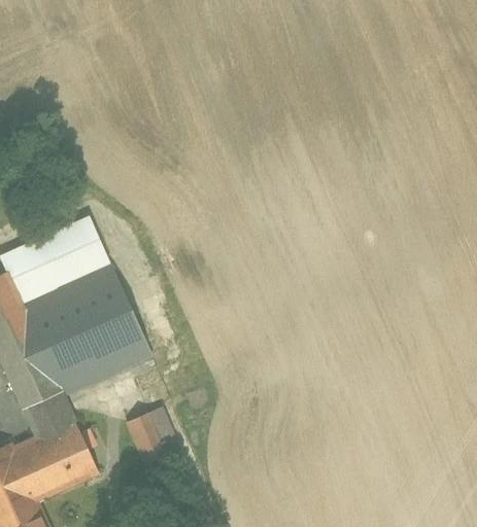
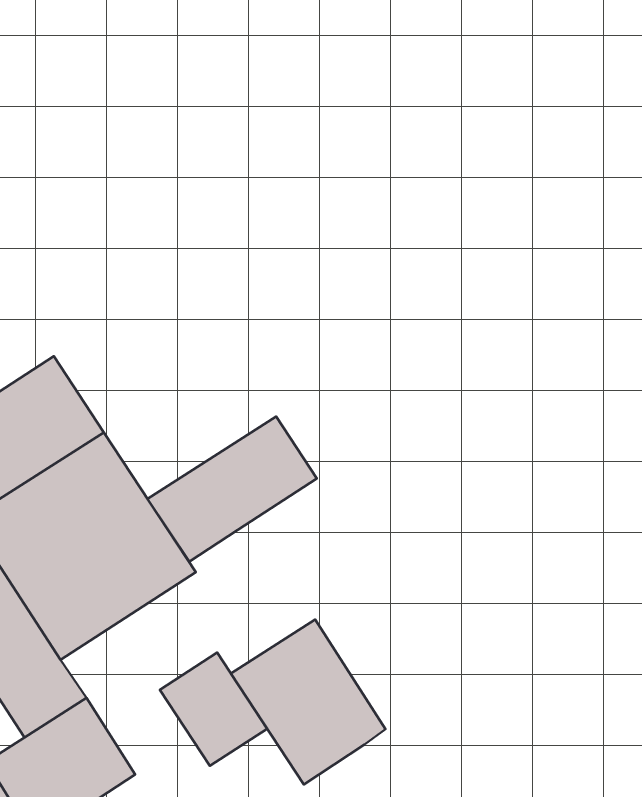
building: none -> [147,417,317,561]
building: none -> [231,619,386,785]

